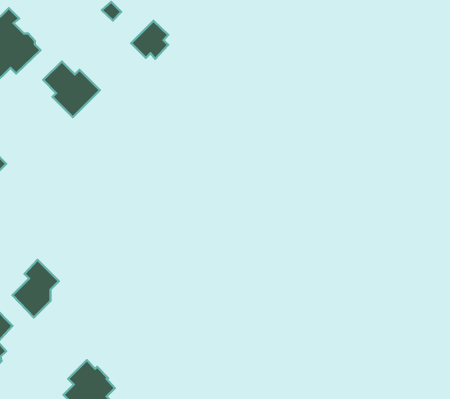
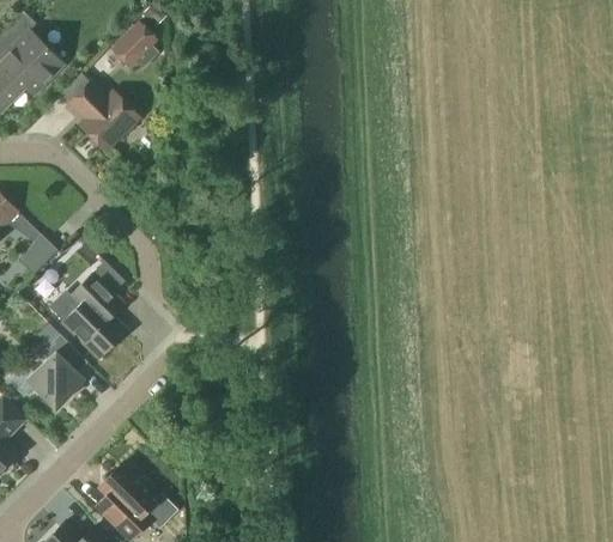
building: [131,21,168,59] -> [110,22,158,71]
building: none -> [19,233,57,275]
building: none -> [61,261,126,359]

